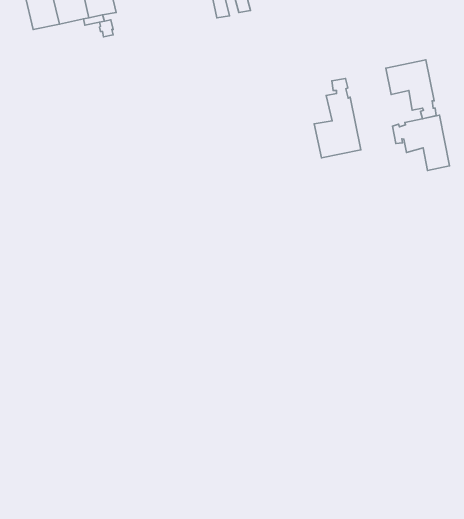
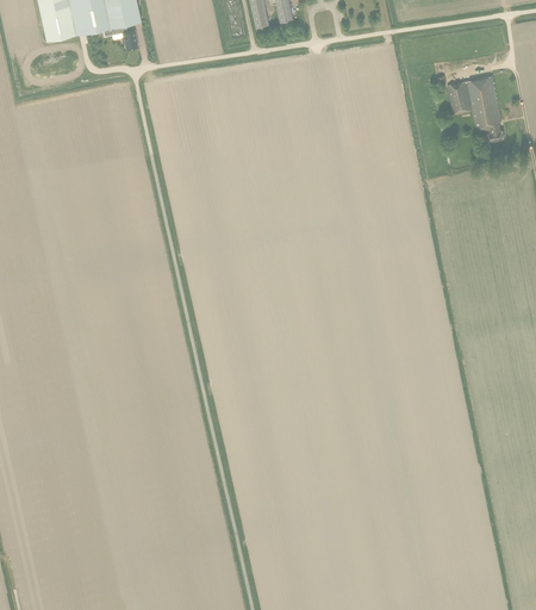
building: [314,79,361,158] -> none
building: [393,115,450,171] -> none

